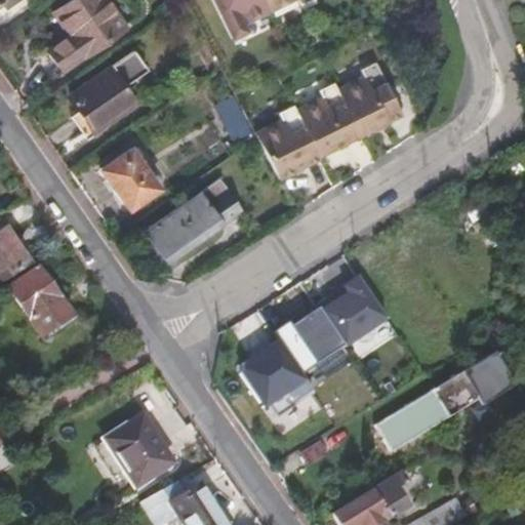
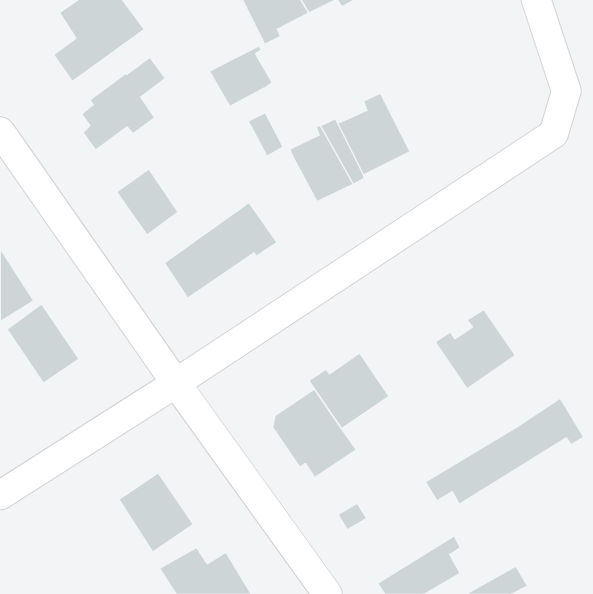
building: none -> [209,46,272,106]
building: [340,59,407,133] -> none
building: [317,279,388,349] -> [435,310,516,389]

